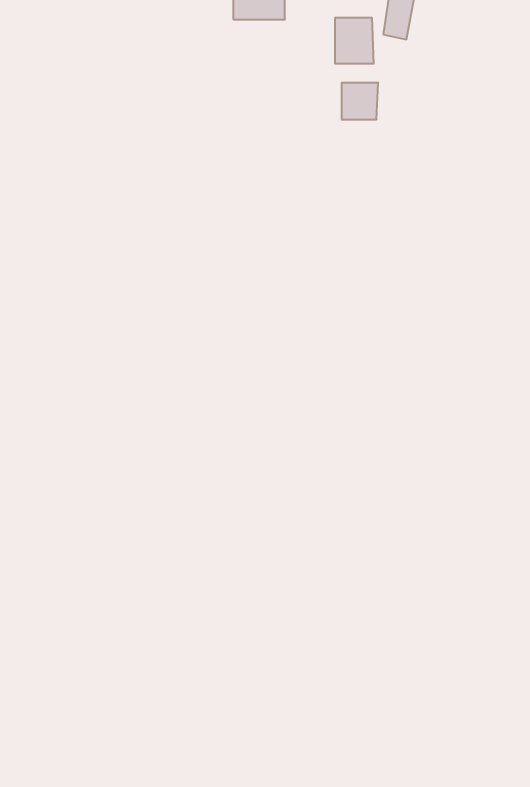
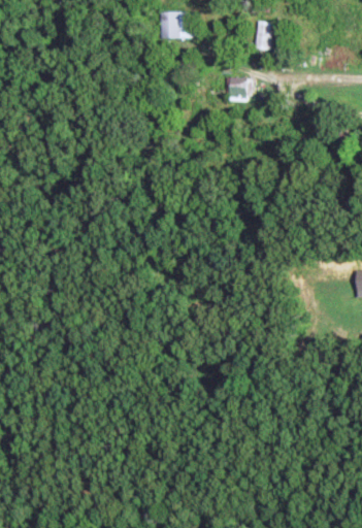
building: [335,18,374,64] -> none

